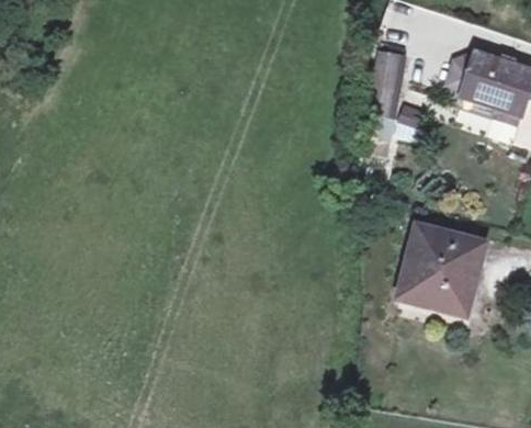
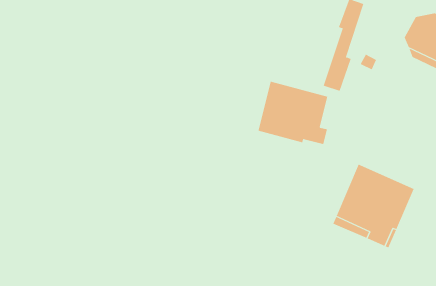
building: none -> [258,81,328,145]

